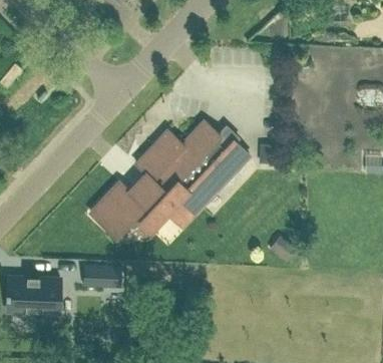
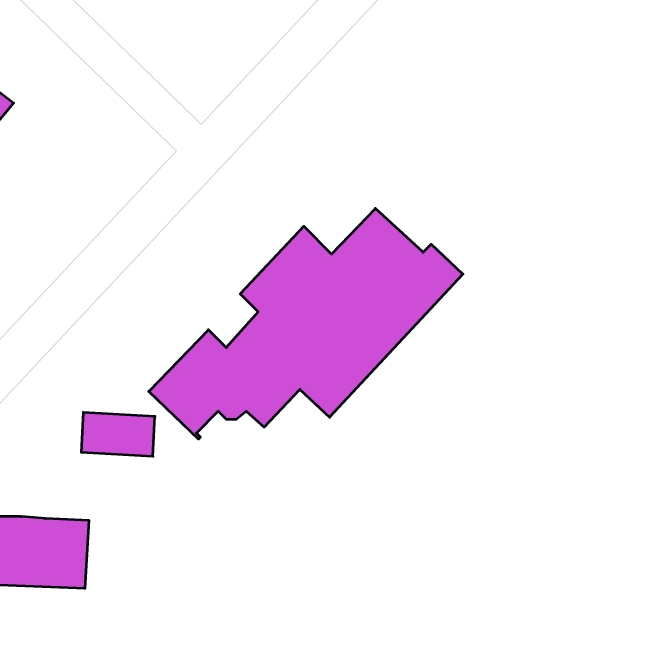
building: [84,266,121,288] -> [81,412,155,456]

